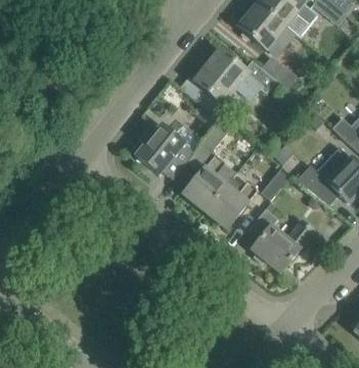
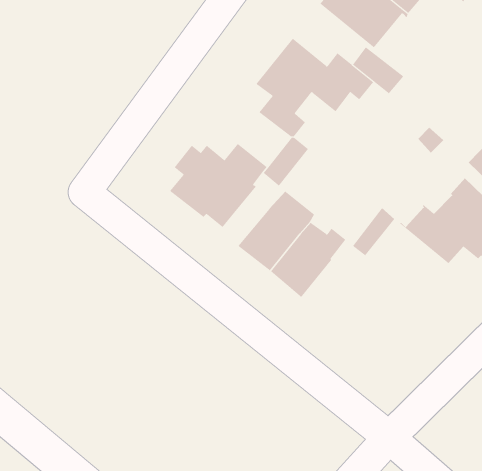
building: [248,208,313,271] -> none

